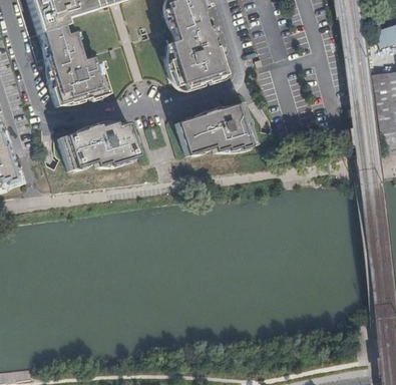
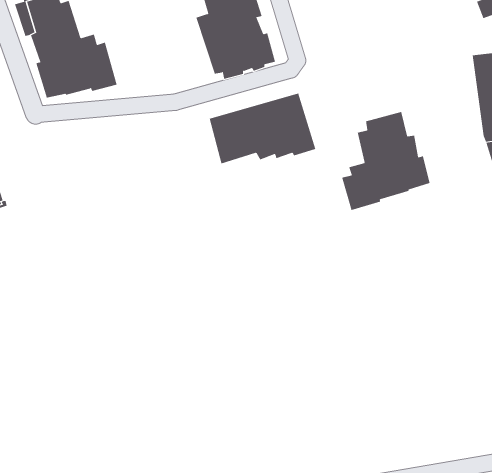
building: none -> [342,111,430,211]
building: [56,116,137,164] -> none

